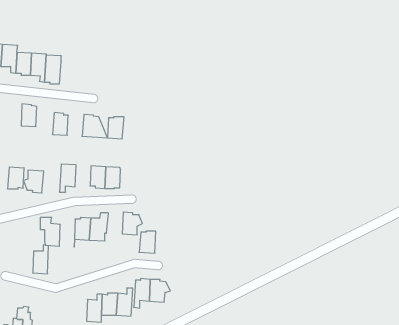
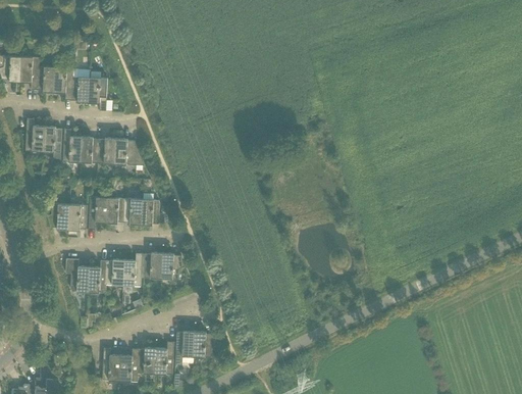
building: none -> [88,78,107,111]
building: none -> [24,118,44,152]
building: none -> [62,130,82,162]
building: [107,117,124,139] -> [97,139,116,164]
building: none -> [106,198,124,225]
building: [8,167,24,189] -> [67,205,87,231]
building: [139,231,156,253] -> [143,253,162,279]
building: [33,245,48,274] -> [88,260,106,294]
building: none -> [101,348,120,381]

